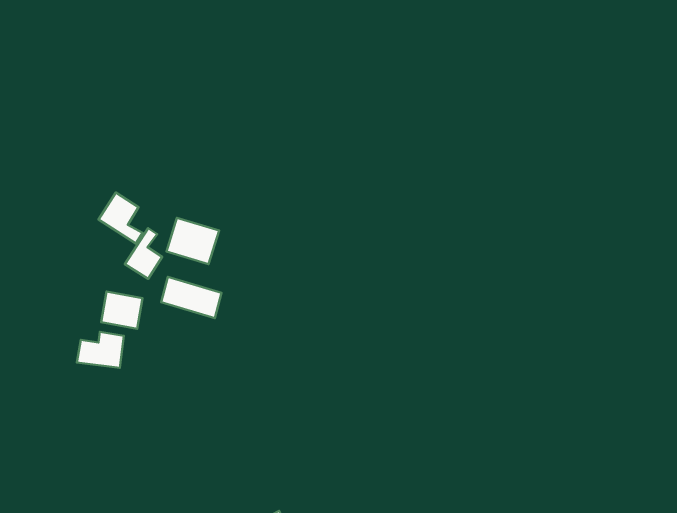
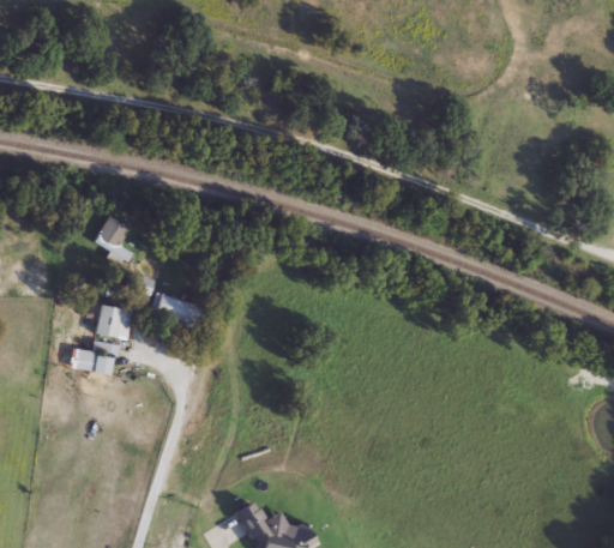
building: [166,218,219,264] -> none
building: [125,228,162,279] -> none

